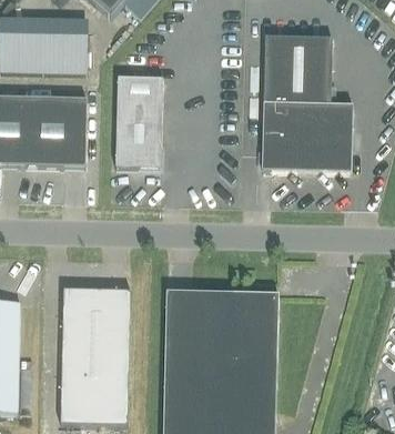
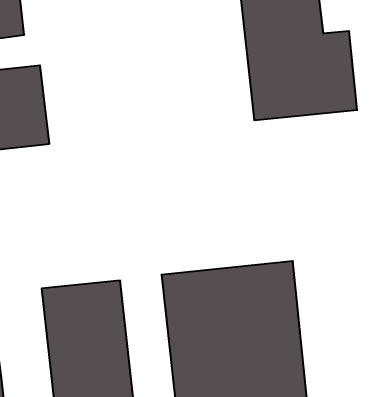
building: [117,75,163,166] -> none

